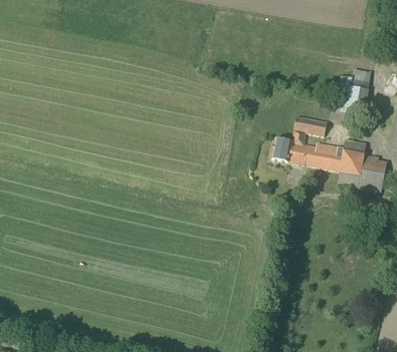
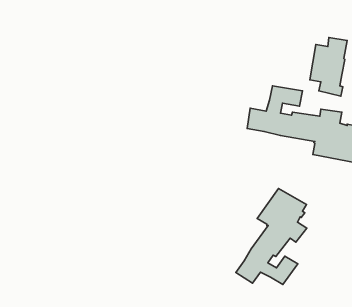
building: none -> [236,188,307,284]

